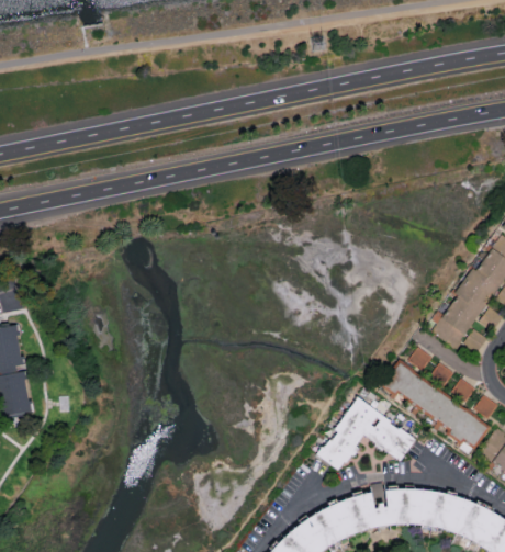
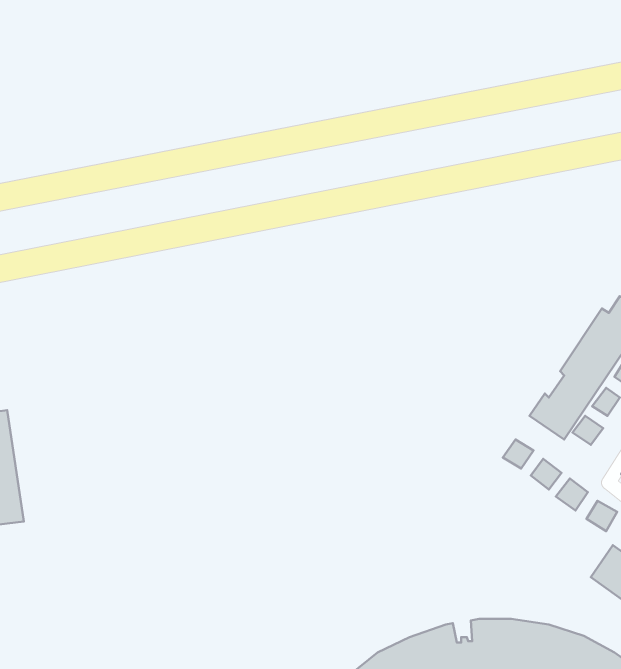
building: [384,364,489,446] -> none
building: [317,402,413,469] -> none

